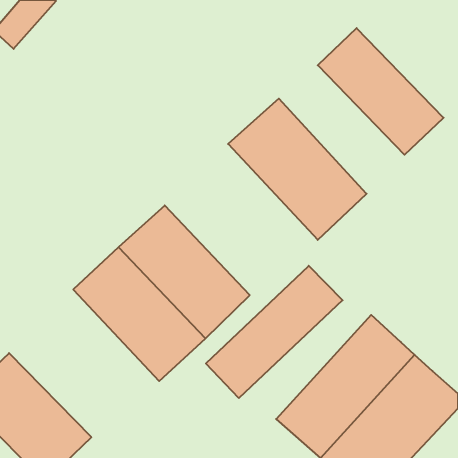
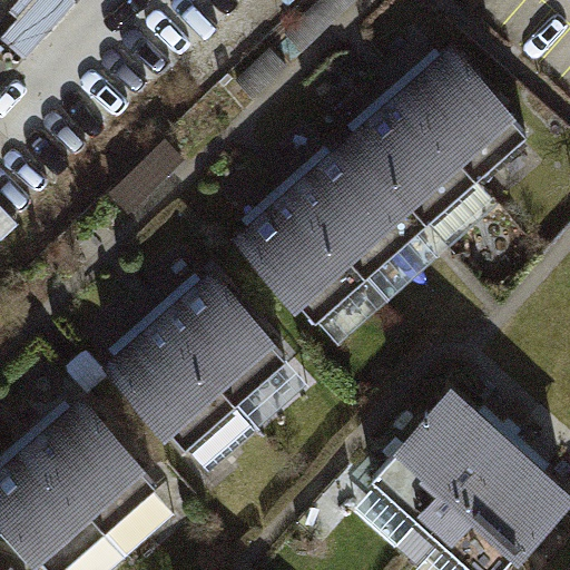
building: none -> [343,86,498,244]
building: none -> [225,183,391,353]
building: [206,266,343,398] -> none
building: none -> [11,383,170,543]

